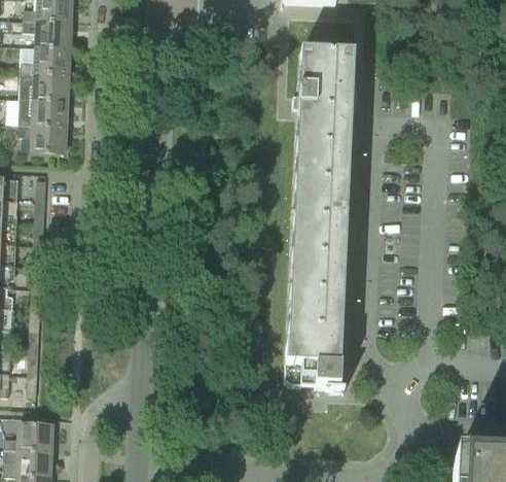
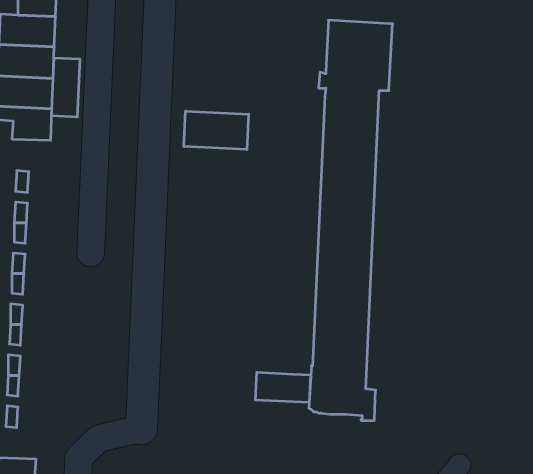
building: none -> [52,58,80,117]
building: none -> [184,111,249,150]
building: none -> [255,372,311,402]

